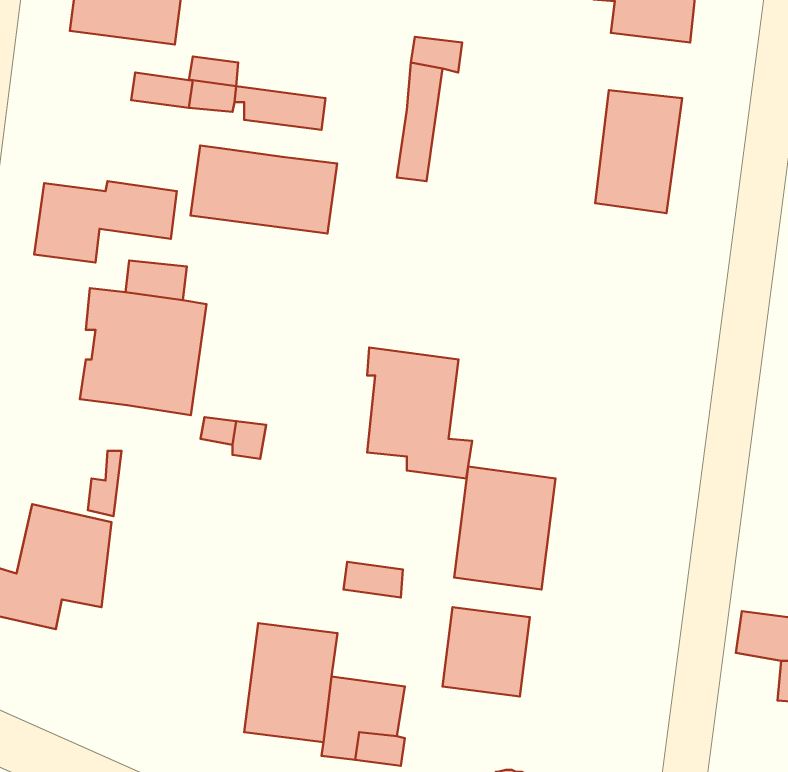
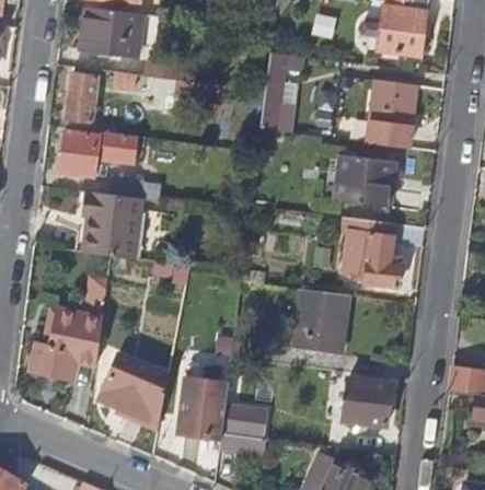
building: none -> [67,73,97,120]
building: [191,145,337,234] -> none
building: none -> [336,158,393,207]
building: [367,348,472,478] -> [342,215,400,288]
building: none -> [99,352,166,423]
building: [443,607,530,696] -> [340,378,389,428]

